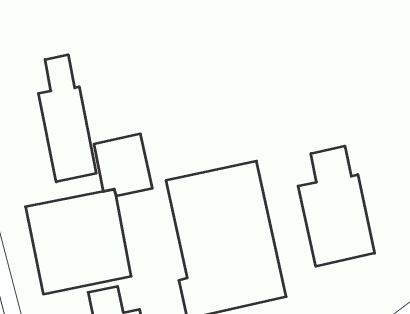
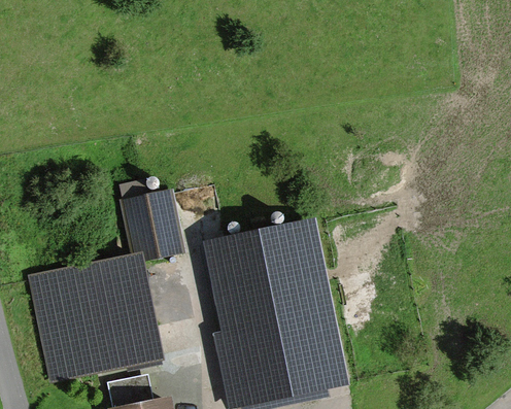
building: [38,55,96,182] -> none
building: [298,146,375,266] -> none

